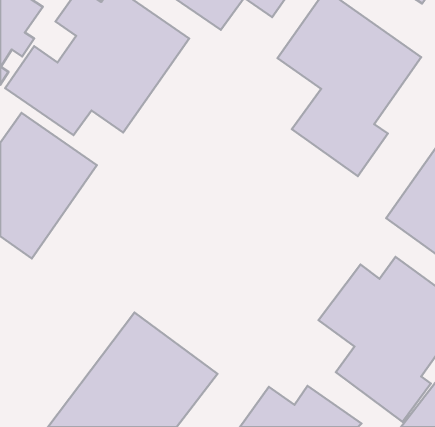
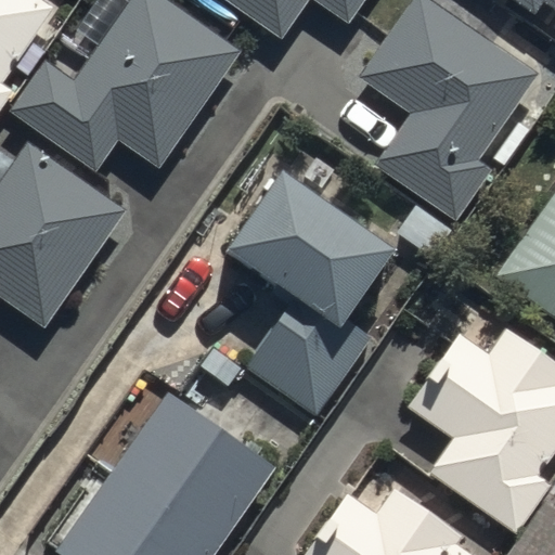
building: none -> [227,182,393,412]

